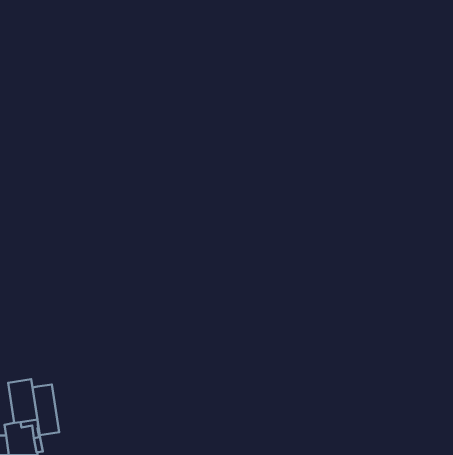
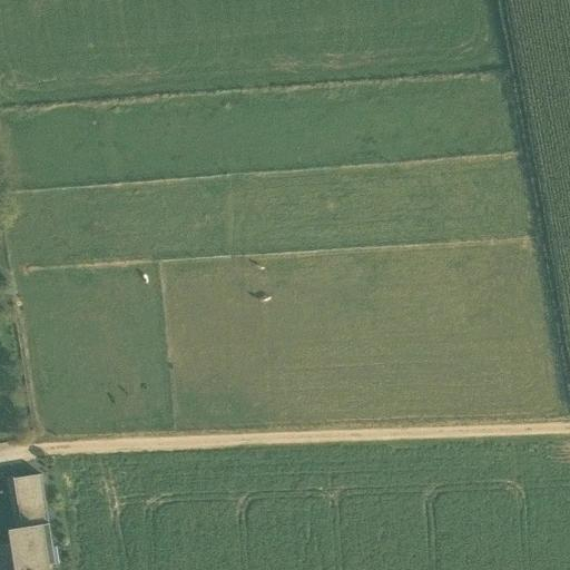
building: [32,384,59,435] -> none

